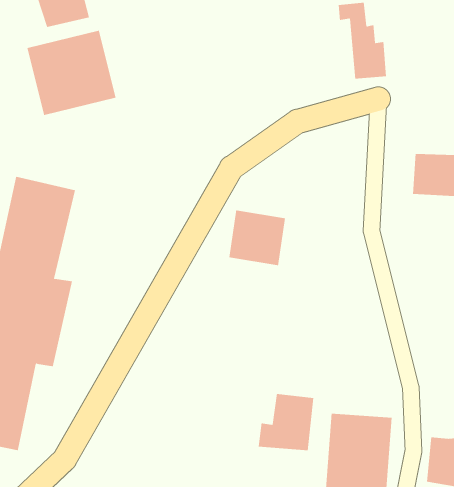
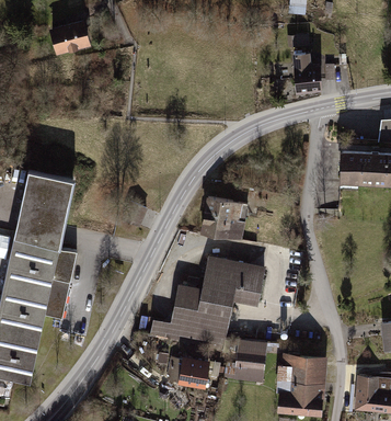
building: [27,30,116,116] -> none
building: none -> [147,252,265,351]
building: none -> [161,356,207,387]

